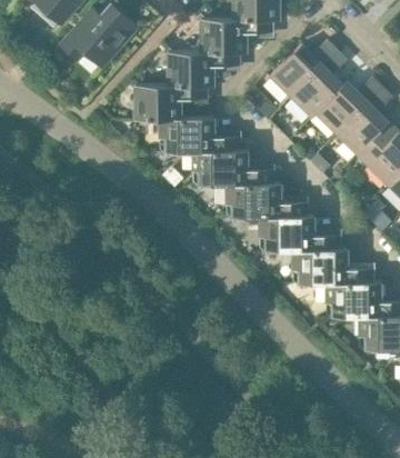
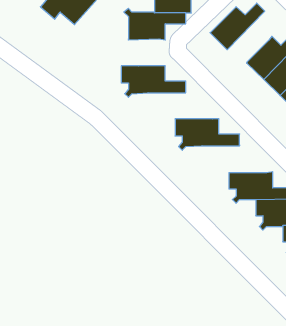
building: [290,50,347,118] -> none
building: [130,80,206,119] -> none
building: [192,150,272,189] -> none
building: [259,216,339,256] -> none

